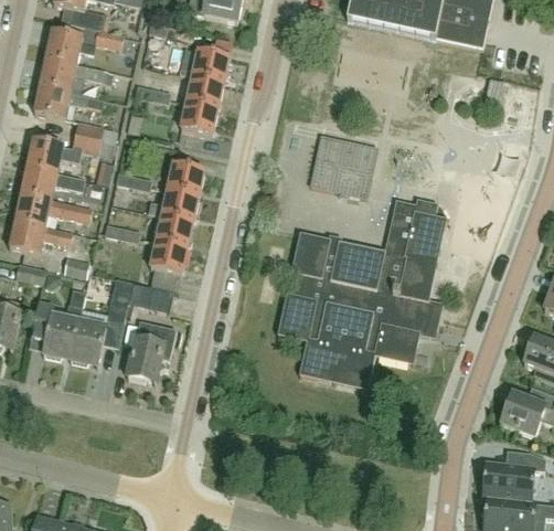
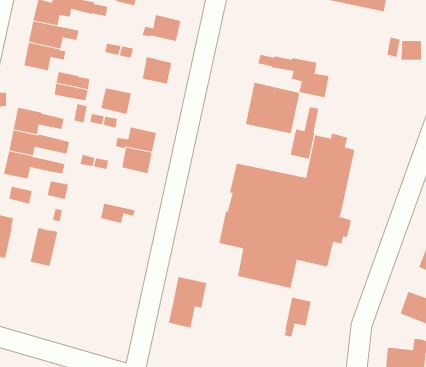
building: [187,76,224,109] -> none
building: none -> [258,54,329,98]
building: [26,139,63,171] -> none
building: [167,163,205,197] -> [101,88,132,114]
building: none -> [290,107,319,160]
building: [149,240,189,275] -> none
building: [95,278,132,322] -> none
building: [67,319,106,368] -> none
building: [127,320,175,384] -> [168,277,207,328]
building: none -> [284,297,311,338]

